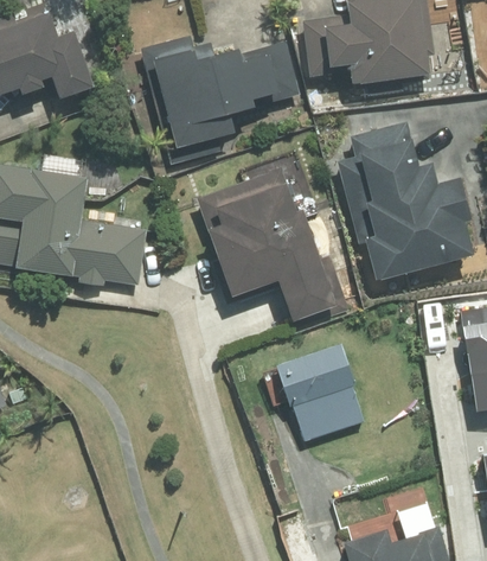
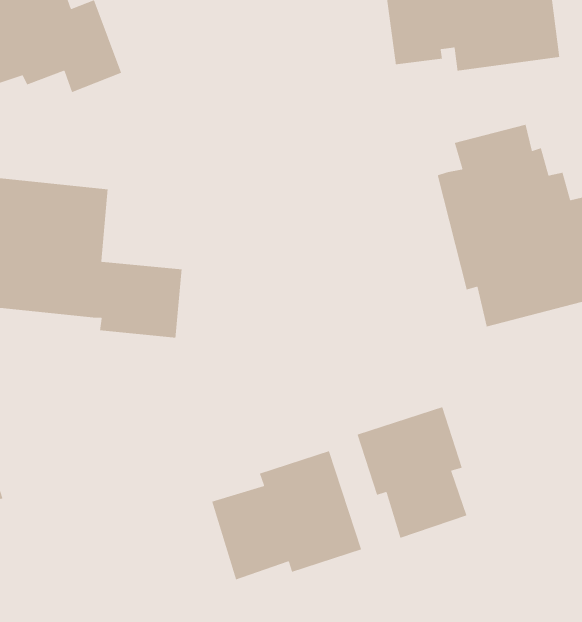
building: [159,46,286,147] -> none
building: [201,164,340,321] -> none
building: none -> [211,450,362,580]

